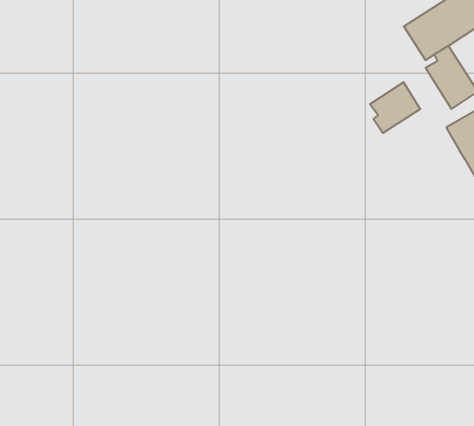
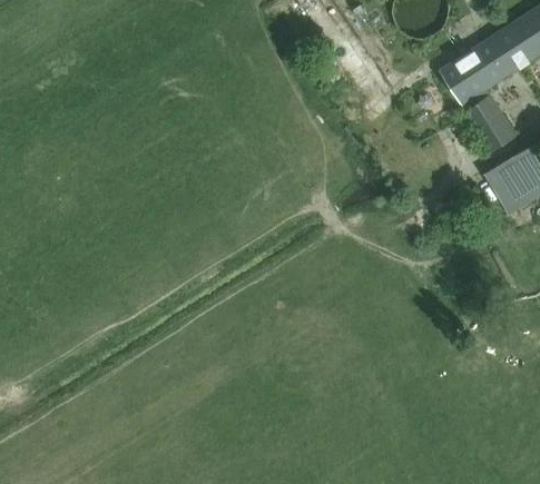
building: [370,82,420,133] -> none

